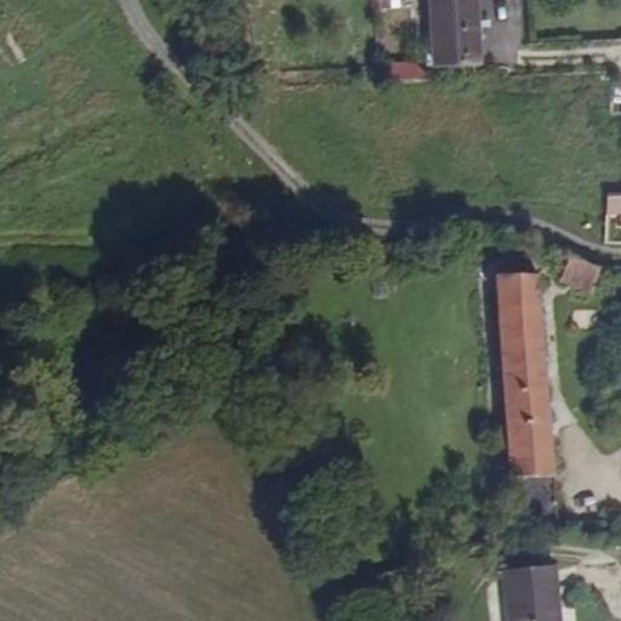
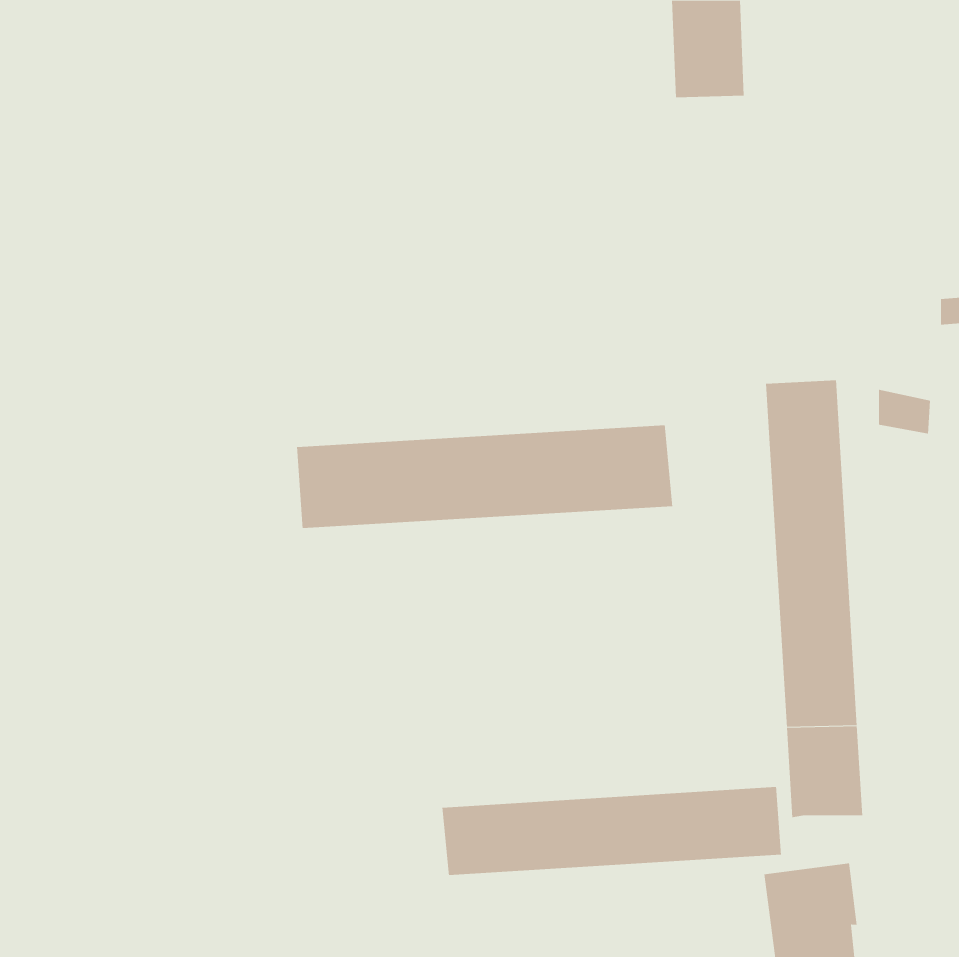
building: none -> [297,424,673,529]
building: none -> [442,786,781,876]

